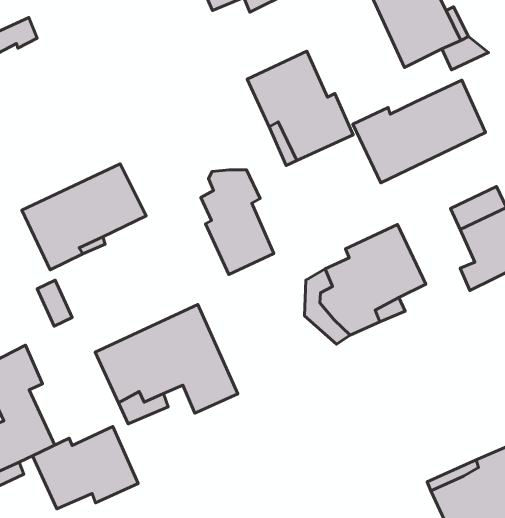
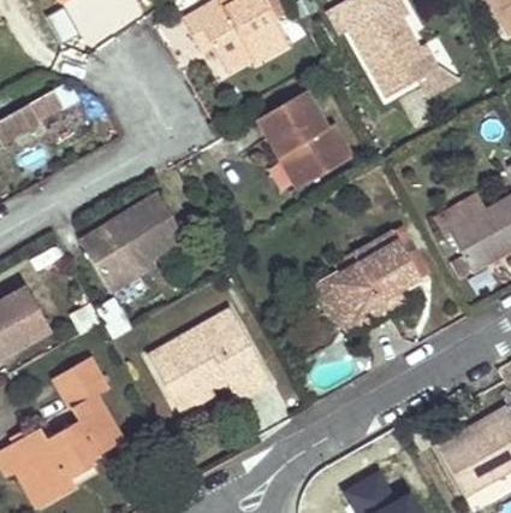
building: [353,80,486,183] -> none
building: [201,170,274,274] -> none
building: [32,426,138,509] -> none

